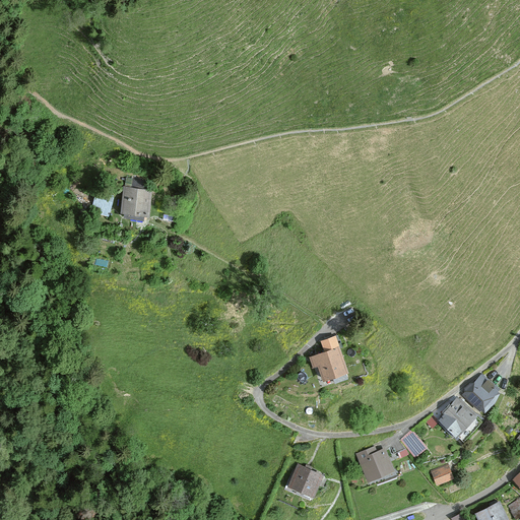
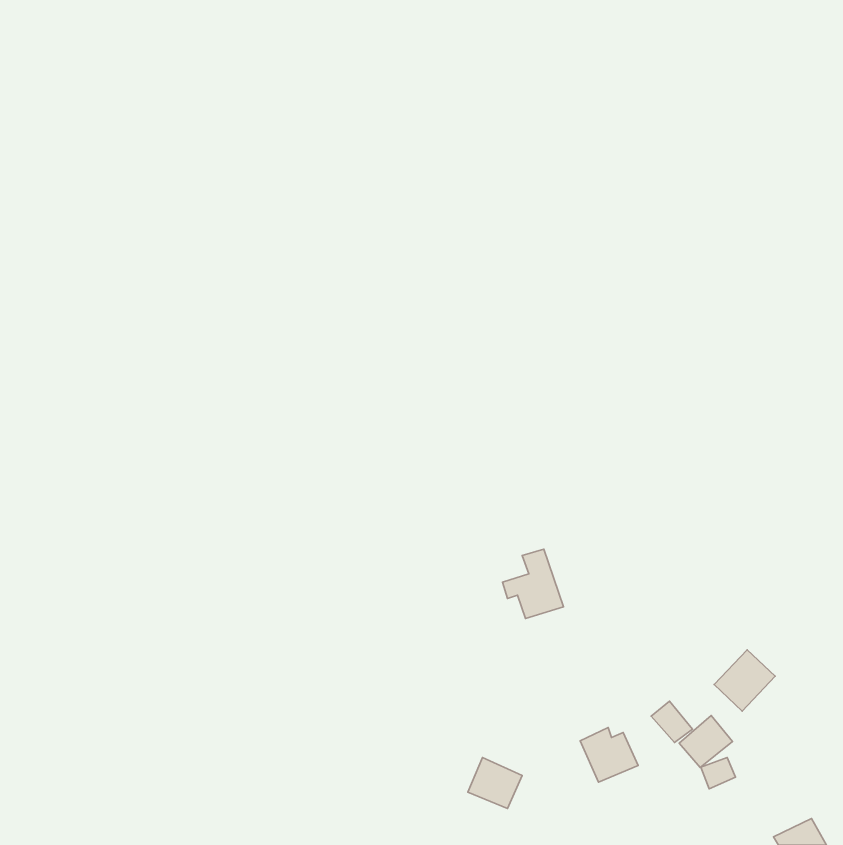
building: [121,188,150,216] -> none
building: [462,375,498,410] -> none
building: none -> [679,716,732,768]

